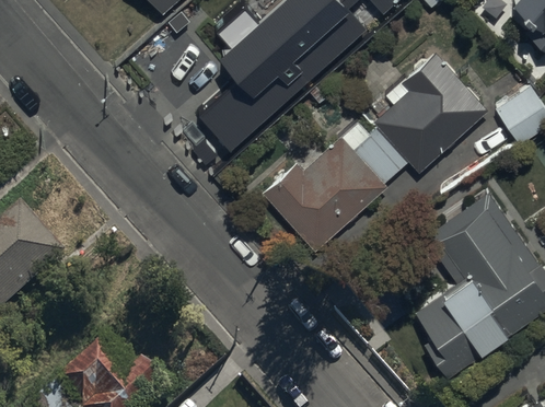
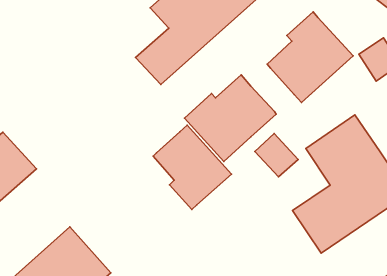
building: [352,128,410,186] -> [255,133,298,177]
building: none -> [153,125,231,210]

